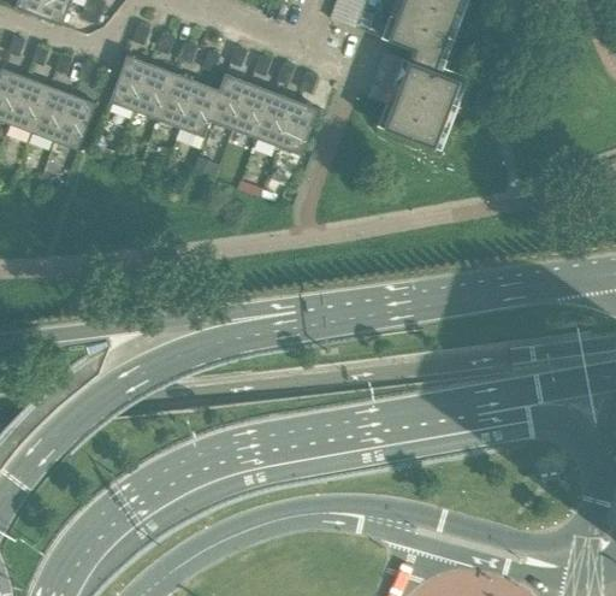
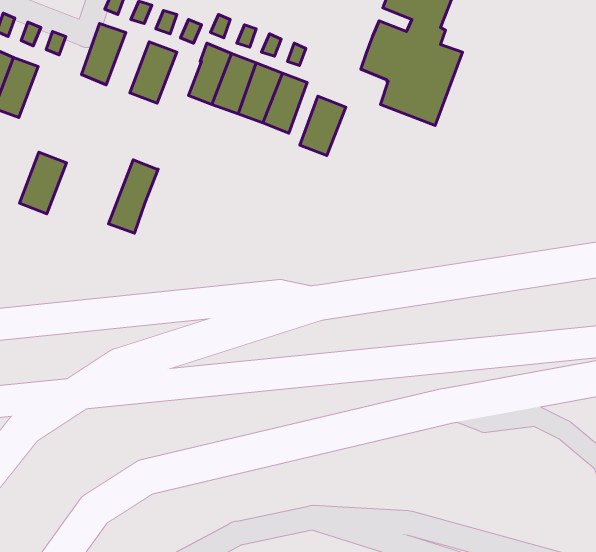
building: [132,61,172,117] -> none
building: [174,79,220,147] -> [108,160,158,233]
building: [52,93,95,149] -> [19,152,66,214]
building: none -> [300,96,346,156]

